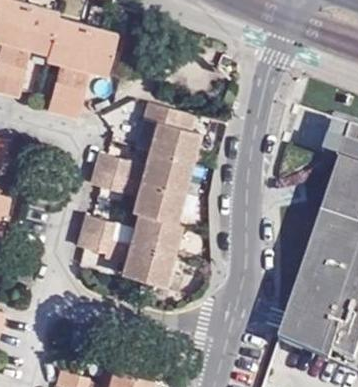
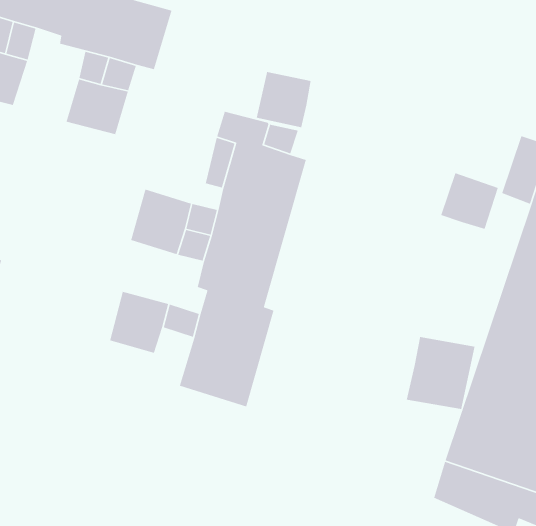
building: none -> [256,71,311,128]
building: none -> [440,172,499,230]
building: none -> [406,336,475,410]

